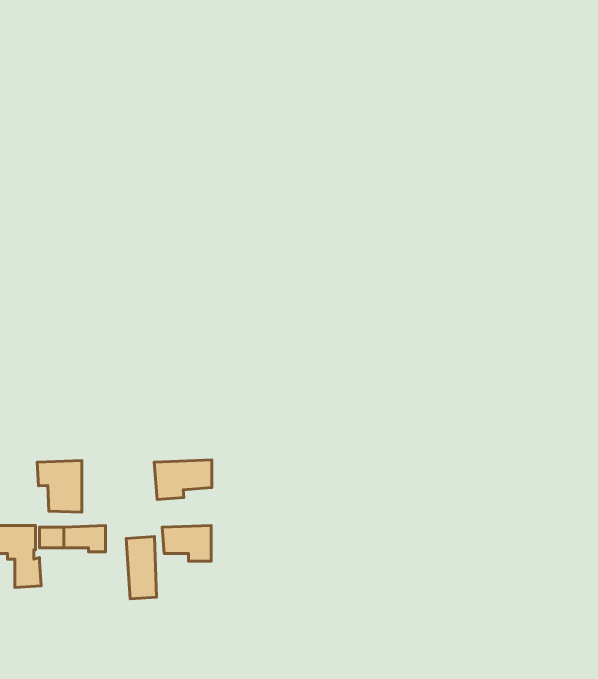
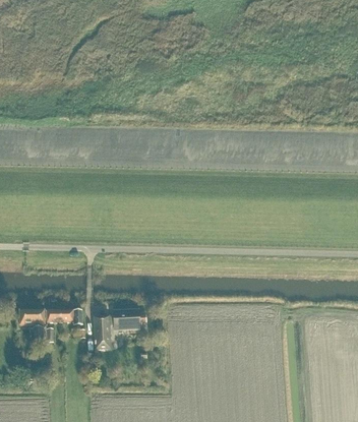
building: [154,460,212,500] -> none
building: [37,461,82,512] -> none

